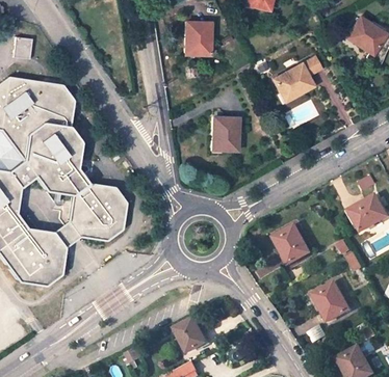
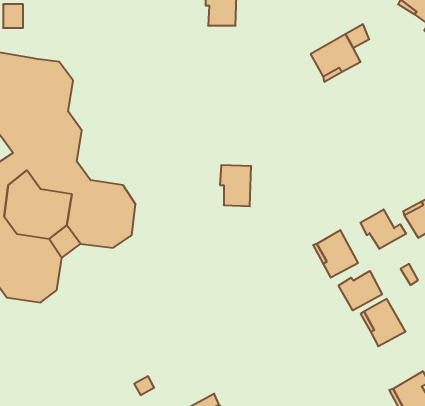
building: [210,115,236,150] -> [220,165,251,206]
building: none -> [360,209,406,249]
building: none -> [339,271,382,310]
building: [173,317,206,352] -> none

